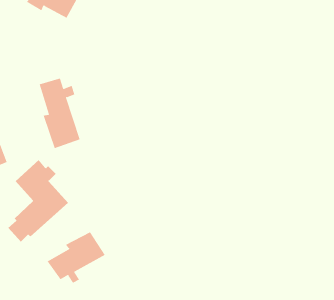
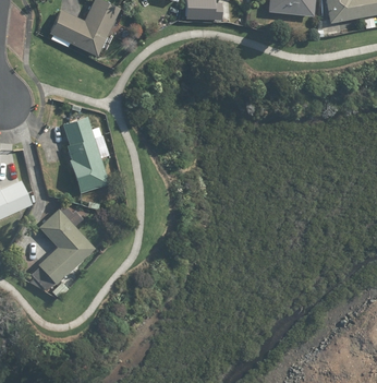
building: [47,231,105,283] -> none

